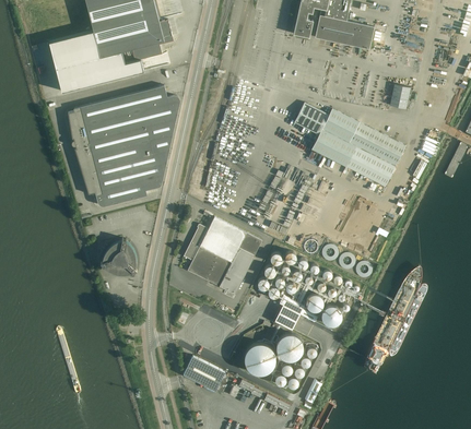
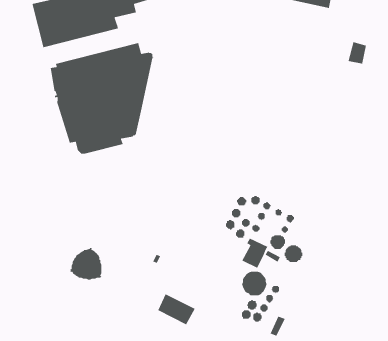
building: [294,103,405,188] -> none
building: [184,217,262,295] -> none
building: [101,238,137,275] -> [69,246,102,281]
building: [243,341,274,372] -> none

